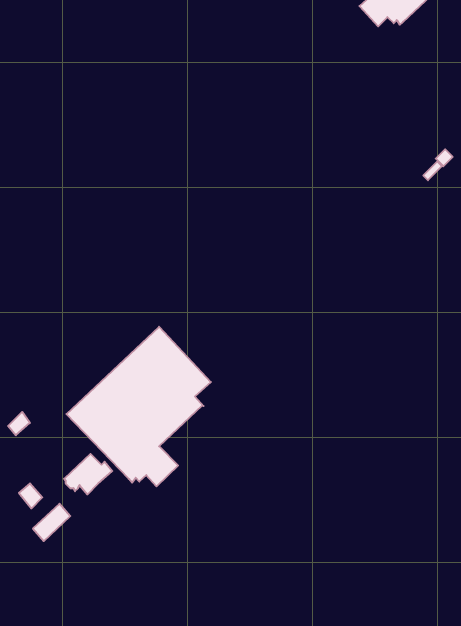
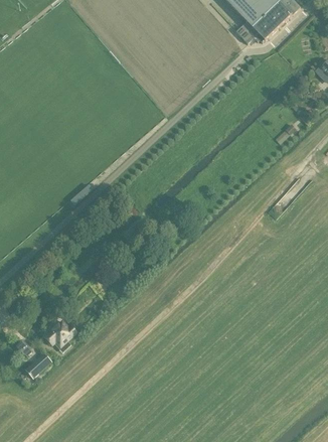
building: [66,327,211,486] -> none

